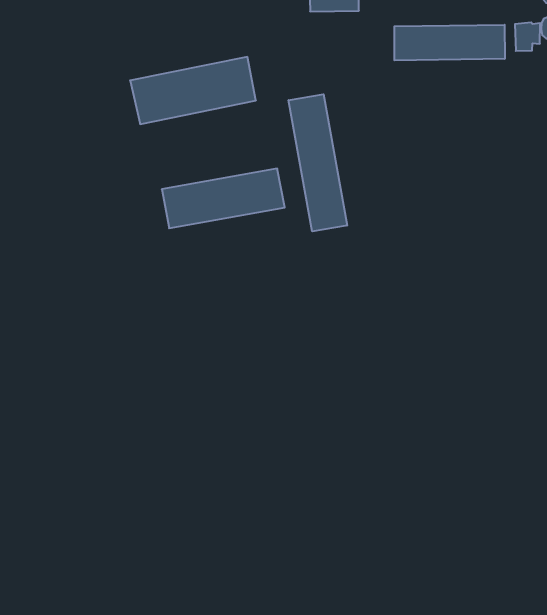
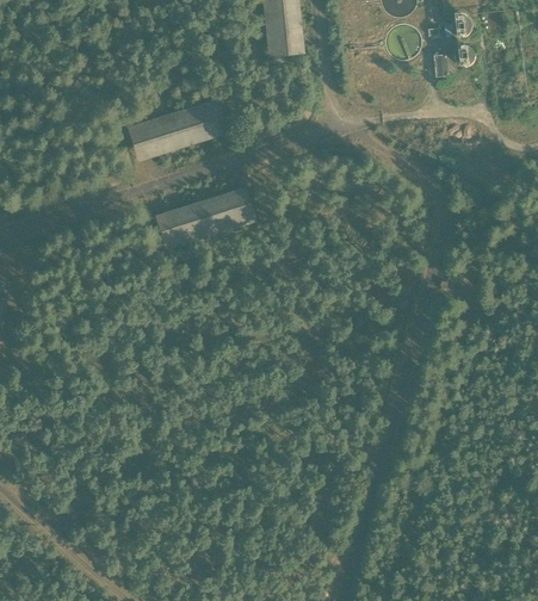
building: [394,25,505,60] -> none
building: [289,94,347,231] -> none

